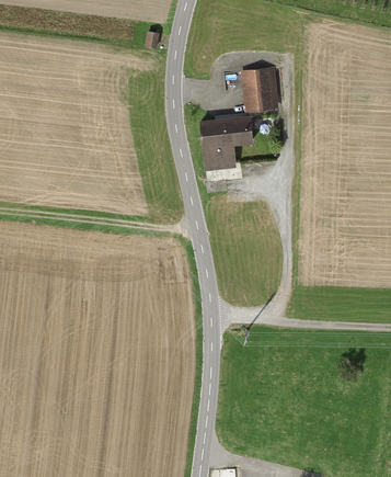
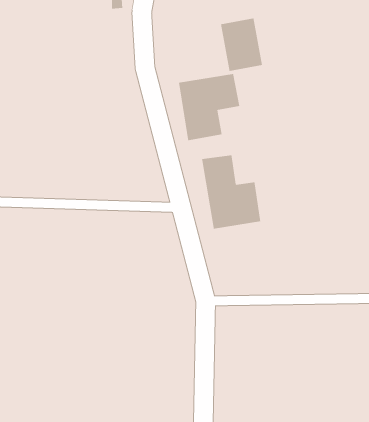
building: none -> [202,154,261,230]

